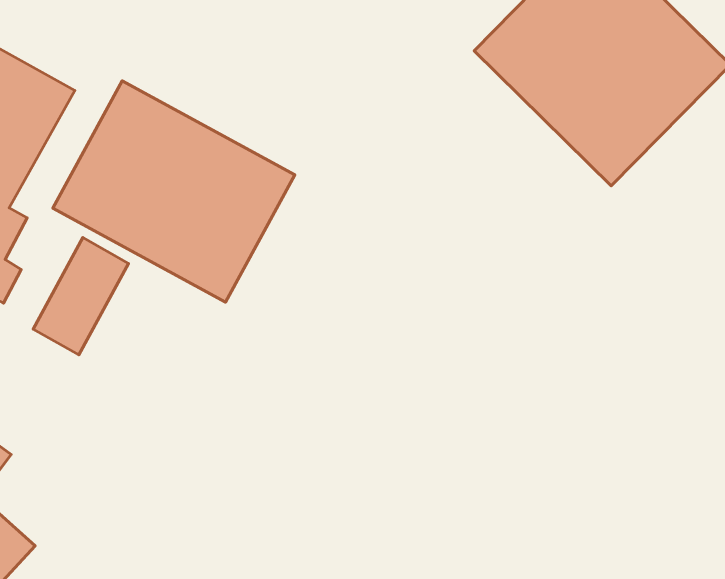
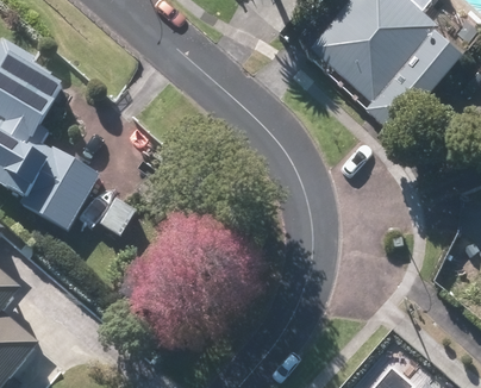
building: [53,81,295,302] -> none

